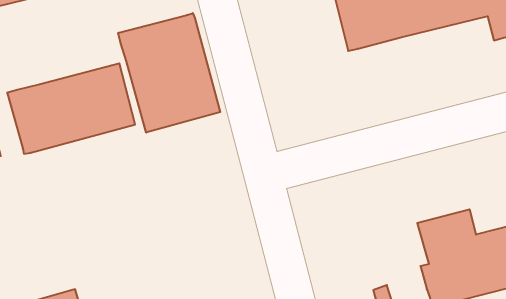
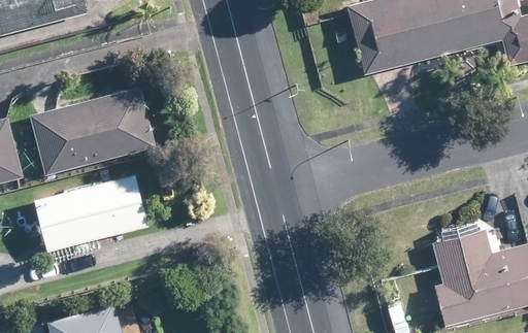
building: [118,13,220,133] -> none
building: none -> [30,176,145,249]

